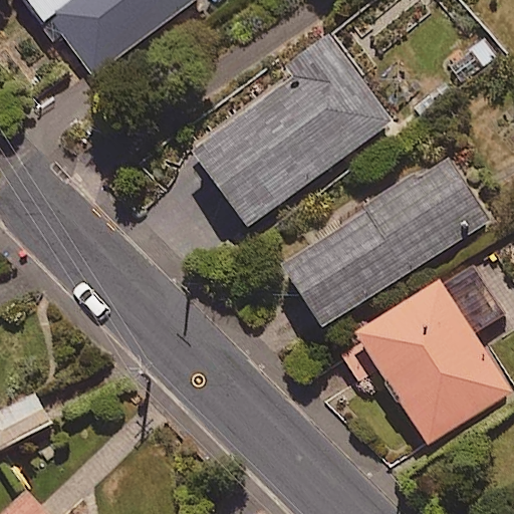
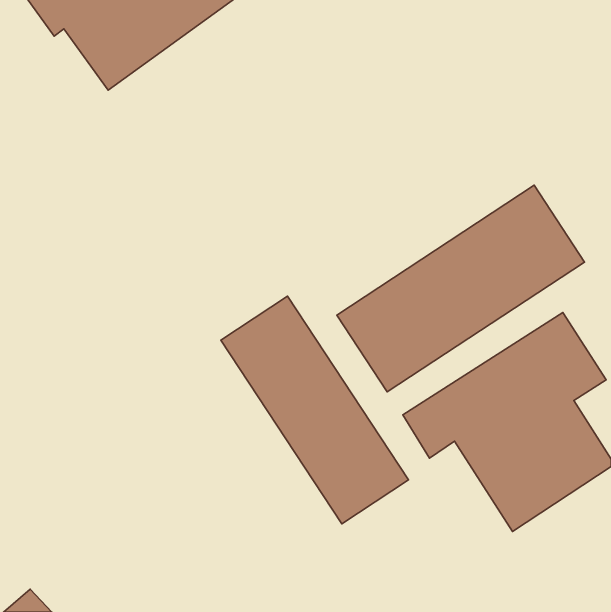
building: [193,38,389,226] -> none
building: none -> [221,296,409,524]

